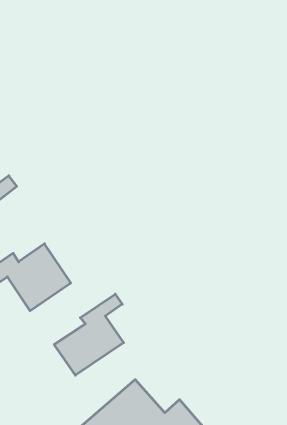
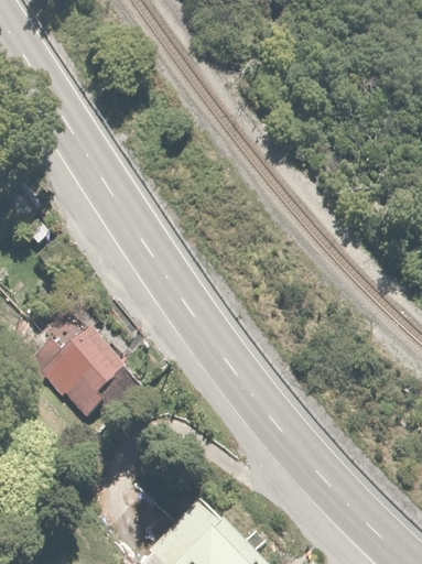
building: [54,294,124,375] -> none

